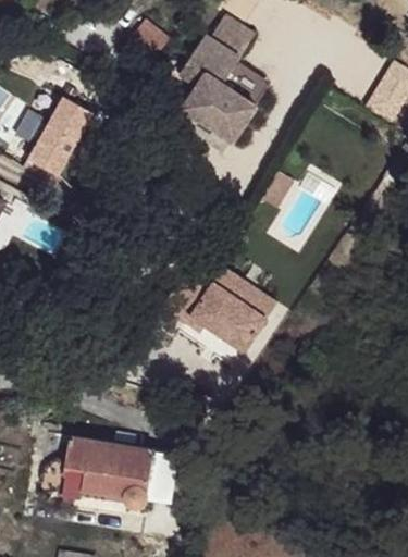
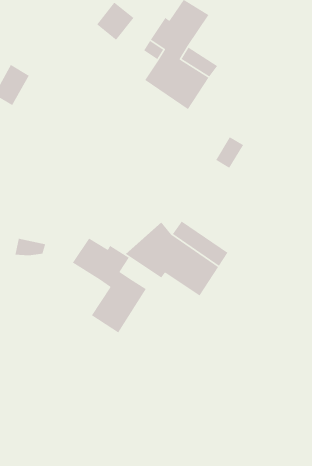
building: [26,97,91,177] -> none
building: none -> [72,237,147,334]
building: [62,437,178,509] -> none

